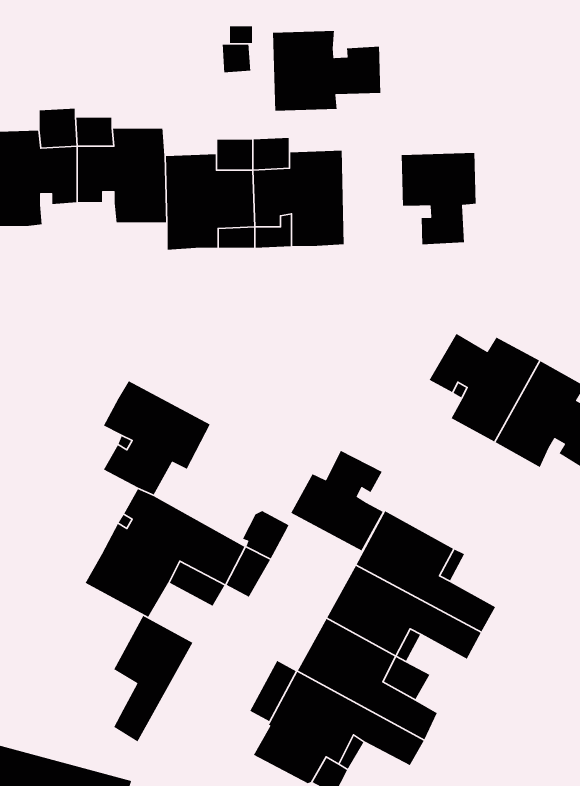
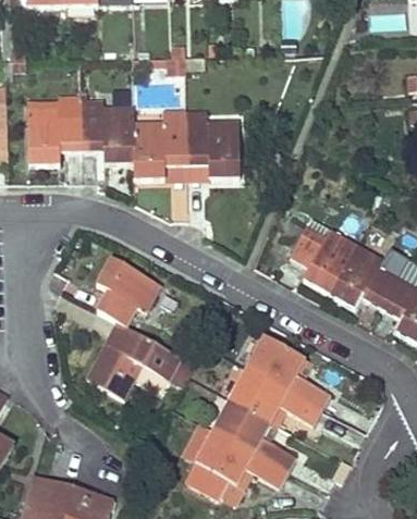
building: [272,30,381,112] -> none
building: [401,152,476,245] -> none
building: [290,450,384,552] -> none
building: [113,615,193,742] -> none

